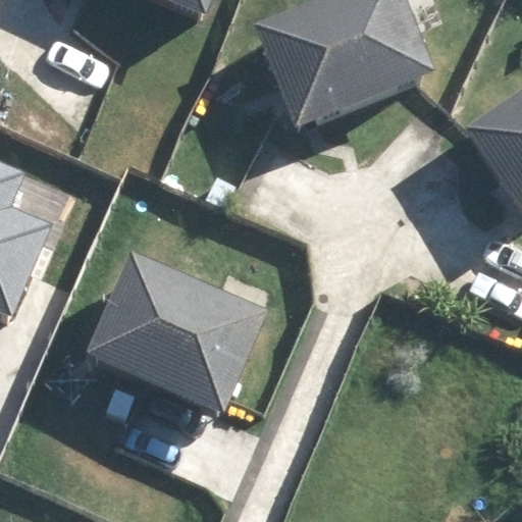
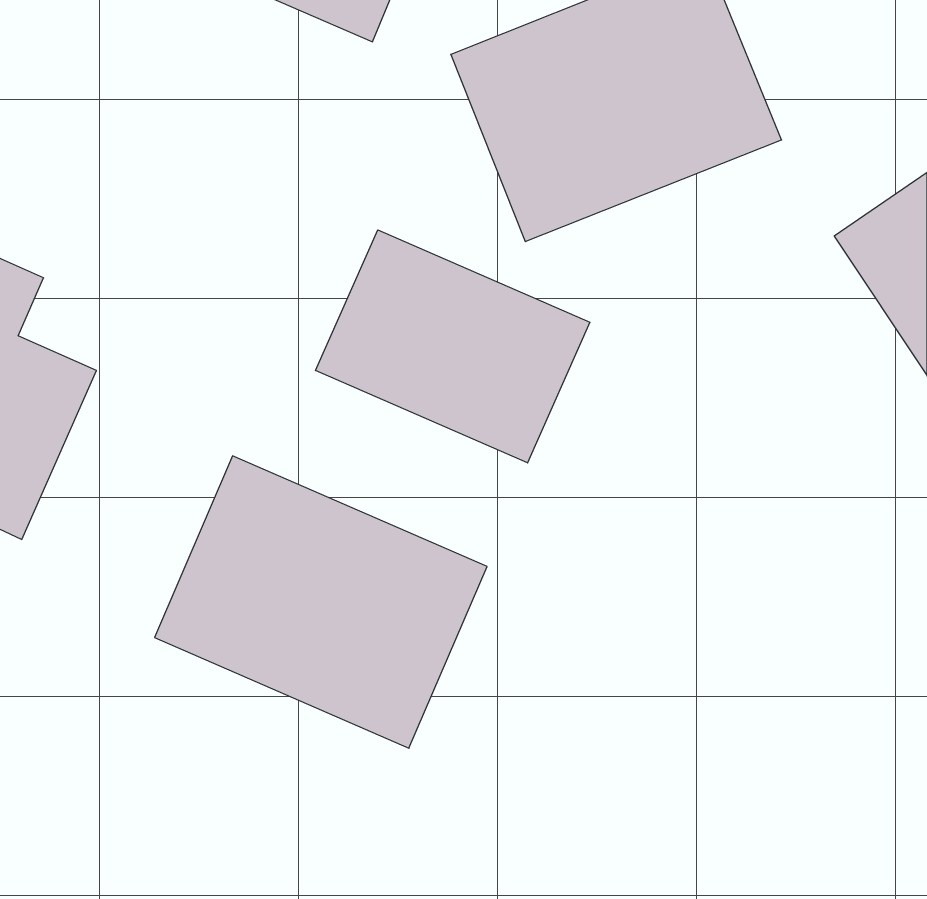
building: none -> [316,230,590,463]

